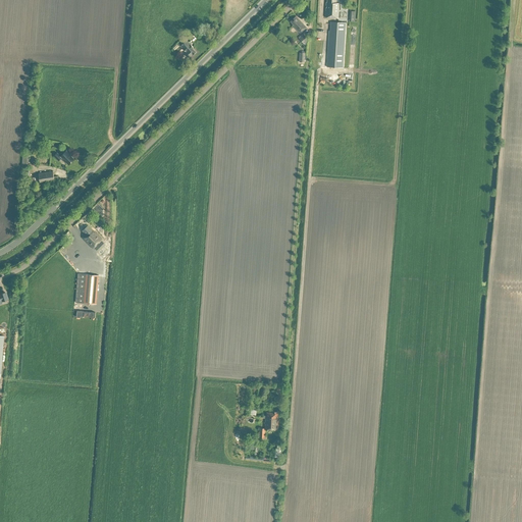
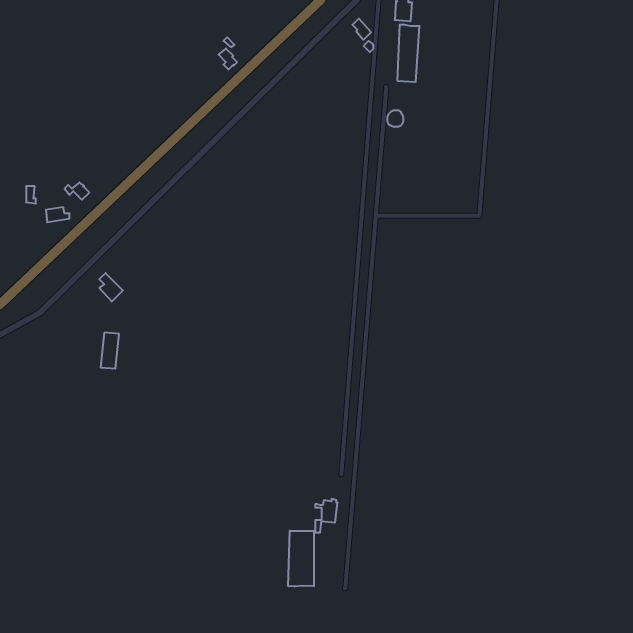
building: none -> [288,531,314,587]

